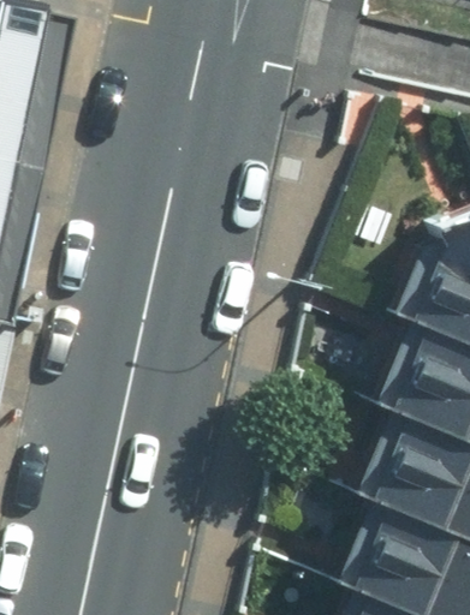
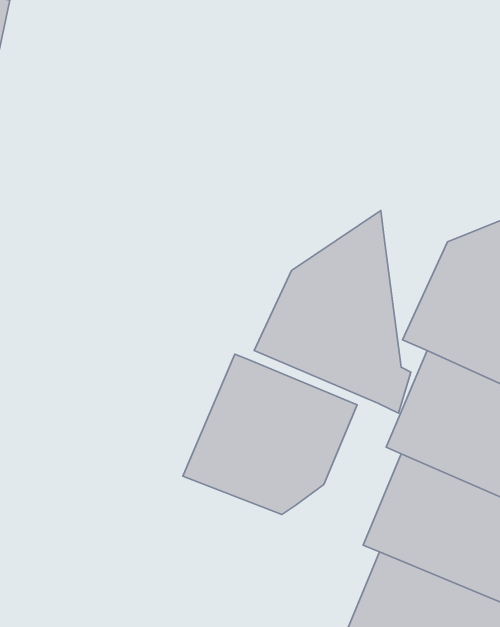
building: none -> [254,211,411,413]
building: none -> [183,354,357,515]

